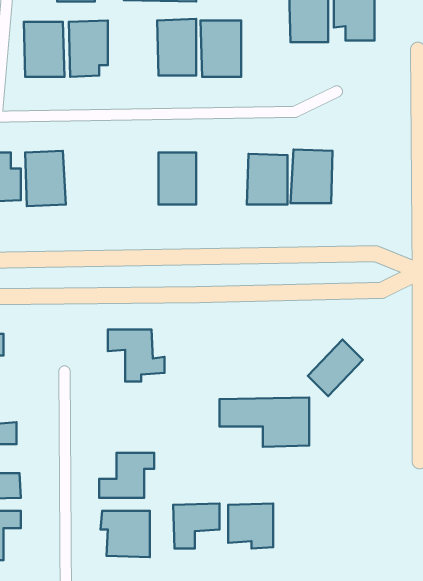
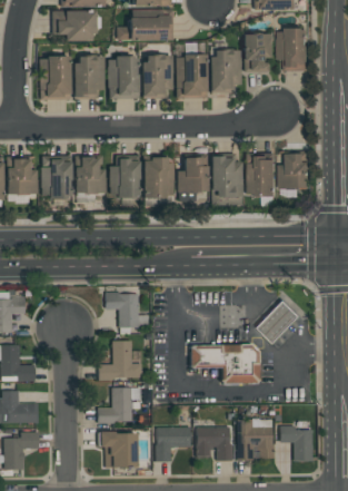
building: none -> [210,50,241,94]
building: none -> [108,58,139,99]
building: none -> [280,154,309,189]
building: none -> [110,156,139,196]
building: none -> [74,157,106,194]
building: none -> [177,157,208,194]
building: none -> [98,340,142,379]
building: none -> [239,419,272,460]
building: none -> [280,425,312,460]

